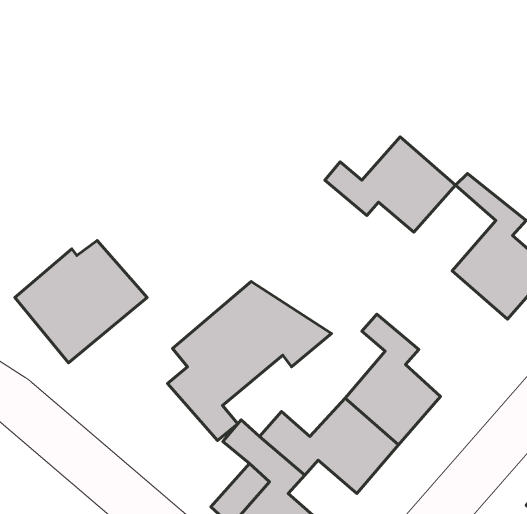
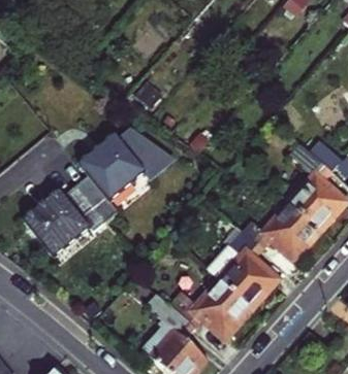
building: [325,137,456,232] -> [239,202,319,261]
building: [167,281,332,441] -> [66,121,167,218]

